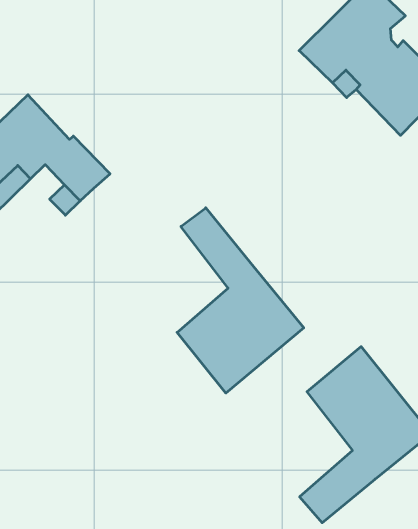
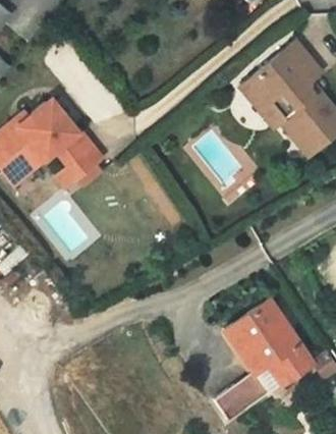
building: [177,208,304,393] -> none

